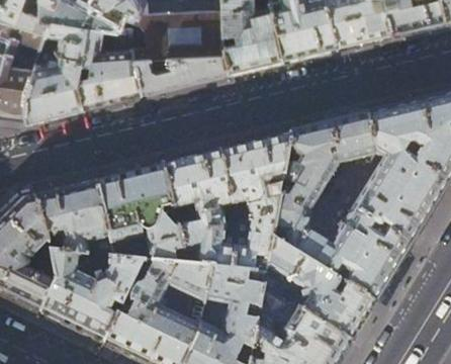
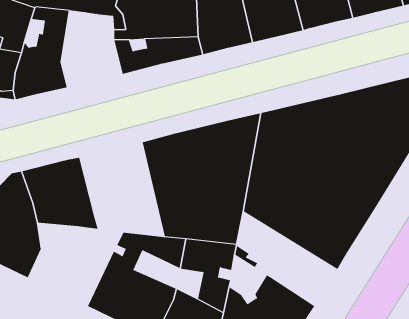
building: [75,23,141,106] -> none
building: [95,165,186,267] -> none
building: [266,240,373,342] -> none
building: [39,252,142,342] -> none

